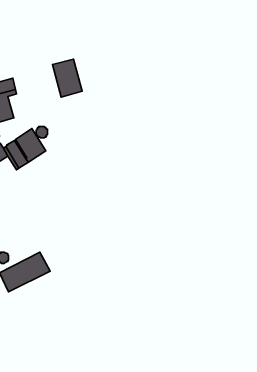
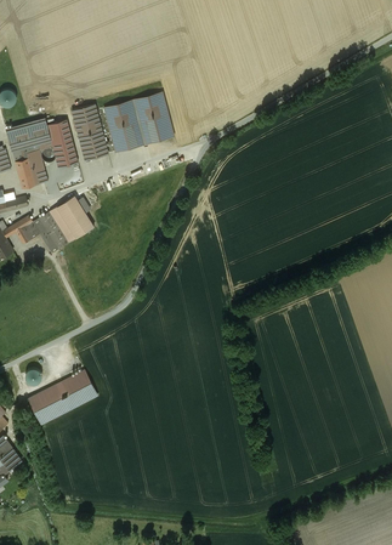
building: none -> [131,90,175,143]
building: none -> [72,104,107,160]
building: none -> [47,120,76,168]

